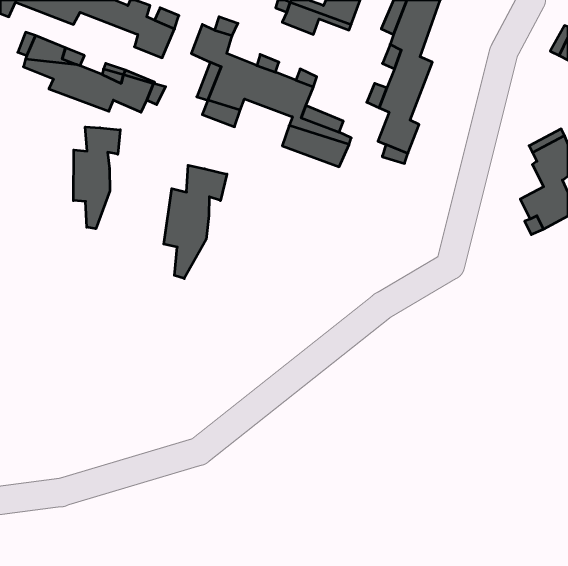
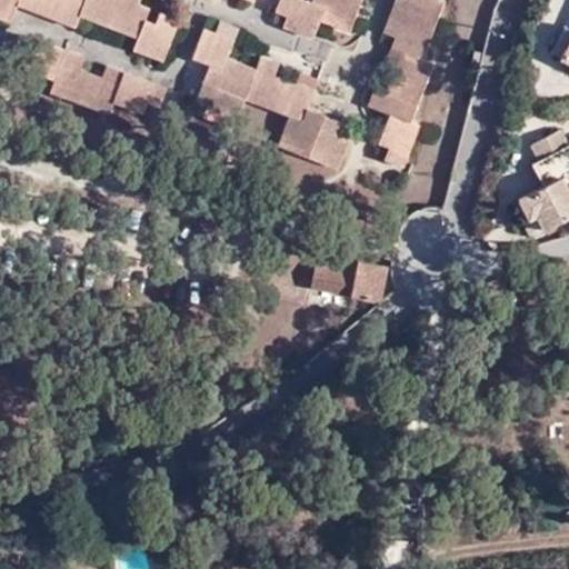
building: [73,127,120,229] -> none
building: [164,165,227,279] -> none
building: none -> [311,262,383,302]

